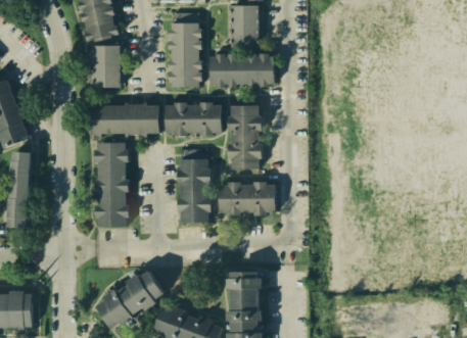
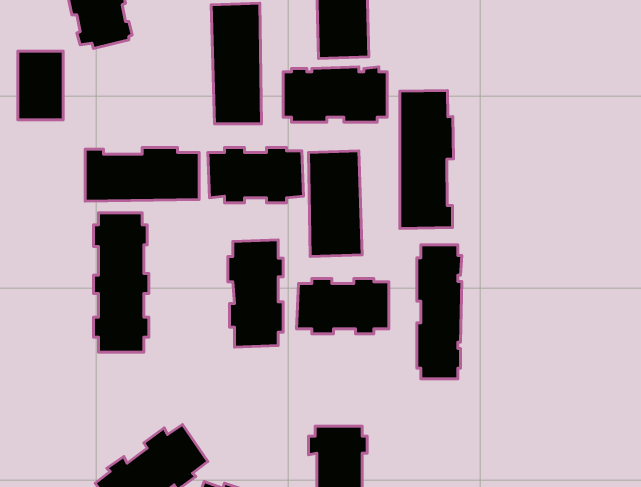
building: [93,45,121,87] -> [18,51,63,120]
building: none -> [400,90,454,229]
building: none -> [417,245,462,379]

